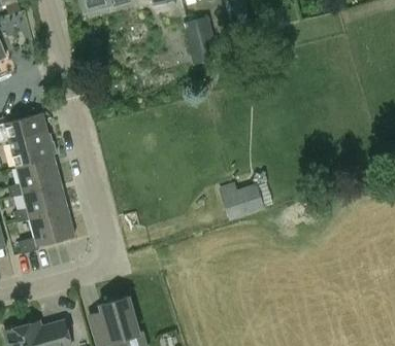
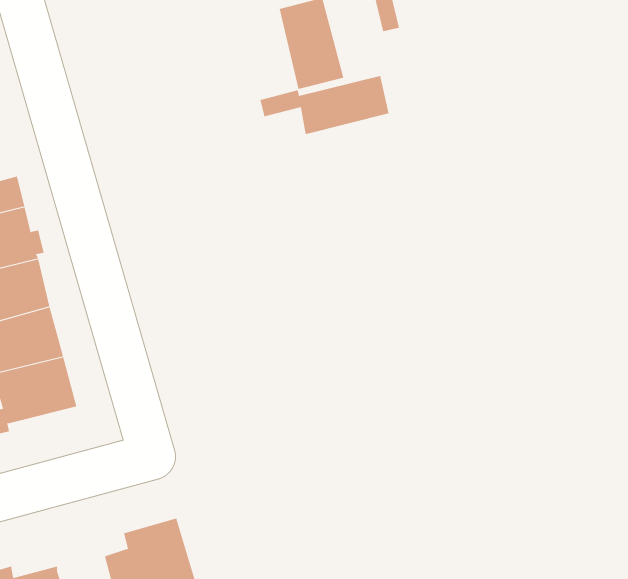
building: none -> [260,75,389,135]
building: [221,185,263,218] -> none

